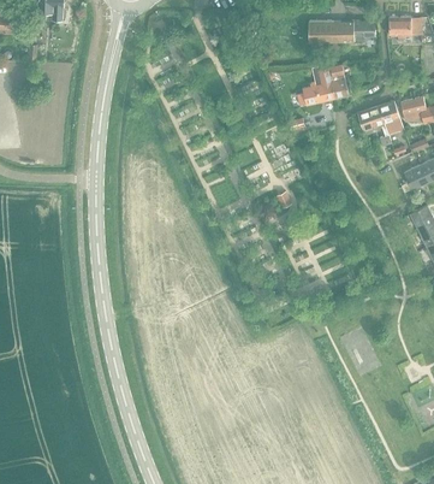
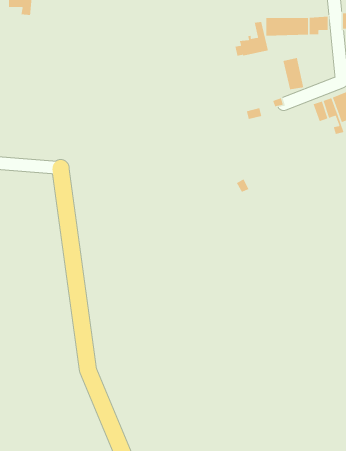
building: [297,67,333,105] -> [234,21,269,56]

